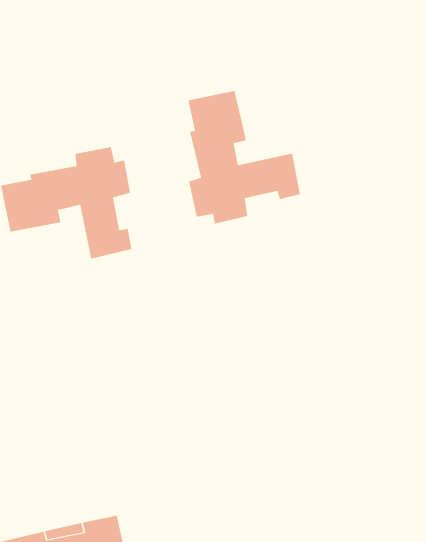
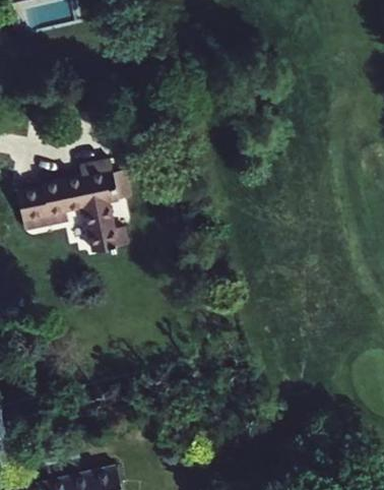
building: [188,90,300,224] -> none

